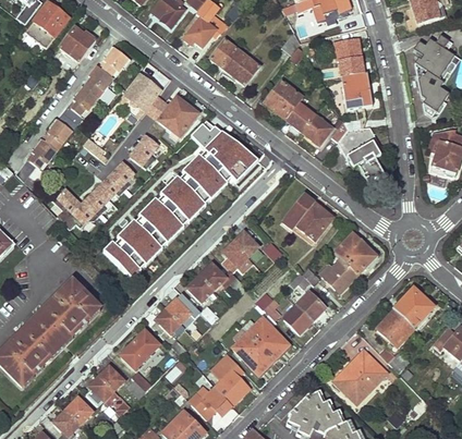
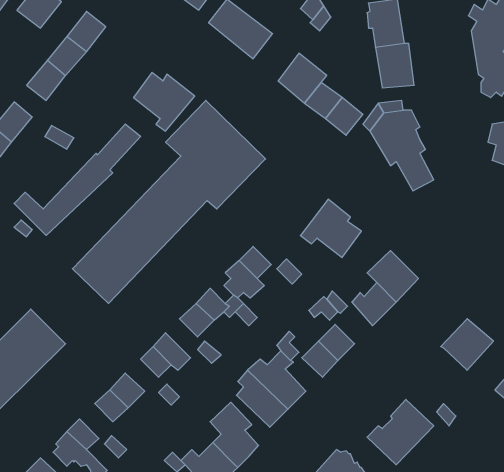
building: [118,76,160,119] -> none
building: [378,312,414,352] -> none

